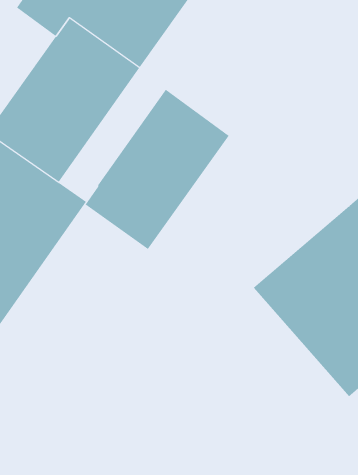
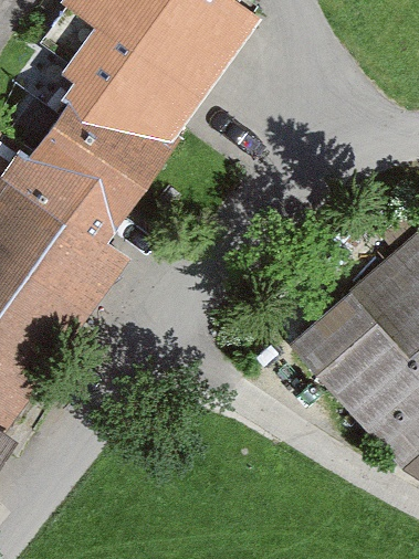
building: [85,89,230,250] -> none

